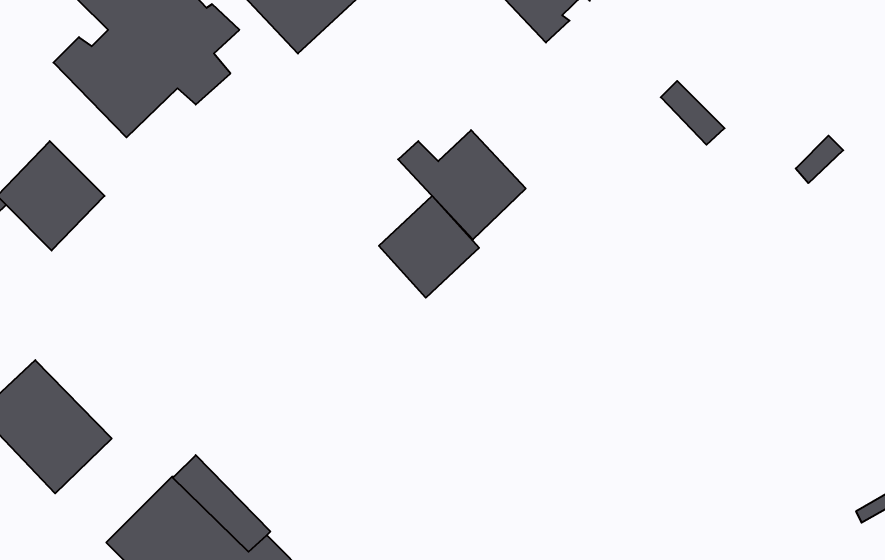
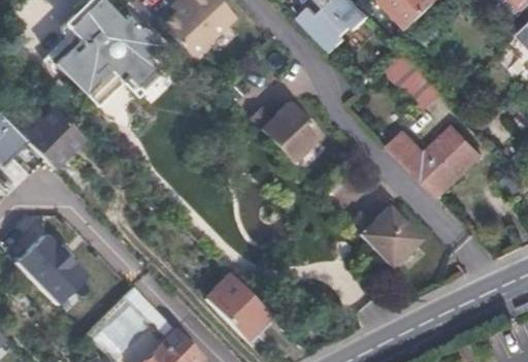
building: none -> [390,124,483,196]
building: [379,196,479,298] -> none
building: none -> [349,205,421,267]
building: none -> [205,273,270,338]

